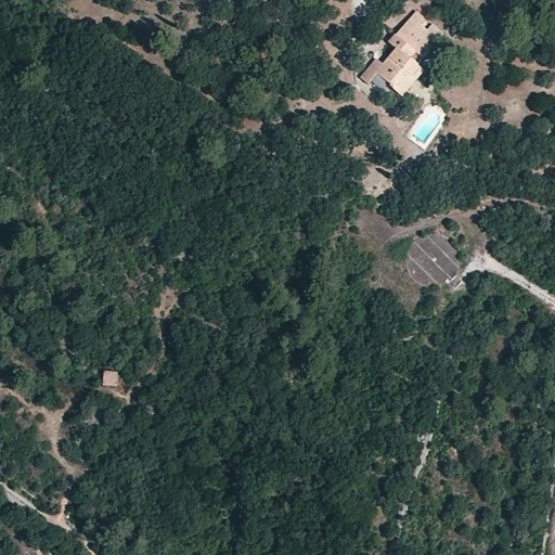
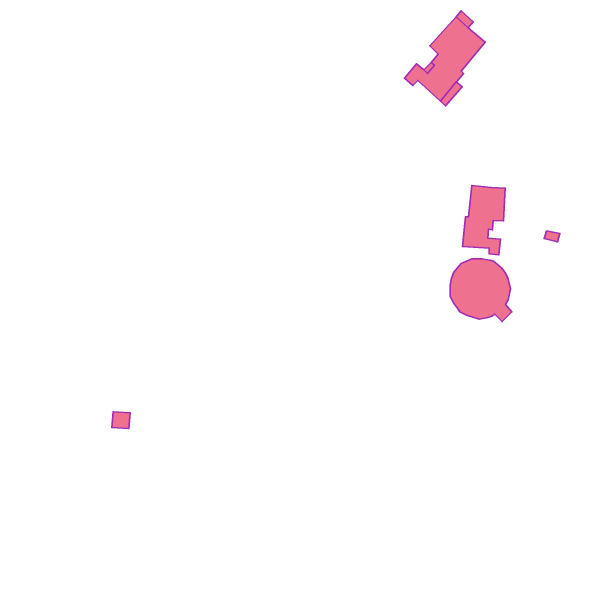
building: none -> [463,186,505,255]

